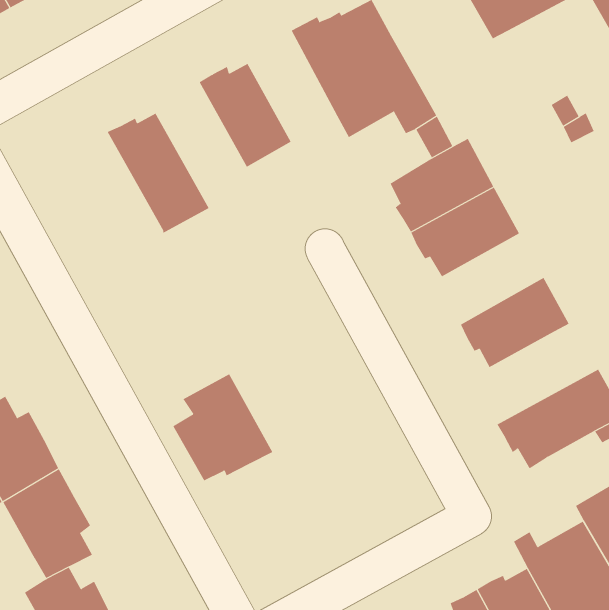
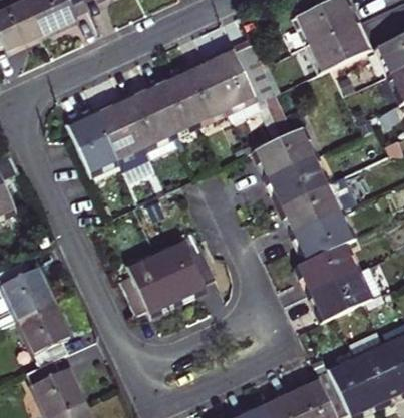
building: none -> [177,59,227,123]
building: none -> [122,85,176,159]
building: none -> [67,110,121,181]
building: none -> [281,185,340,236]
building: none -> [154,233,216,302]
building: none -> [297,244,357,295]

